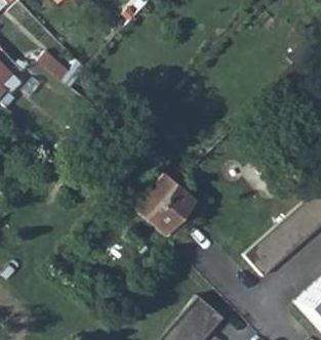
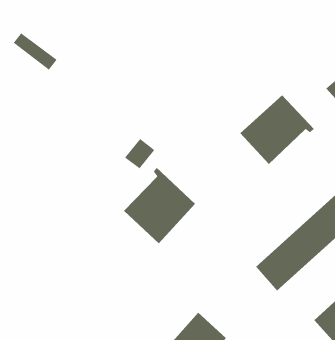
building: none -> [239,95,315,165]

